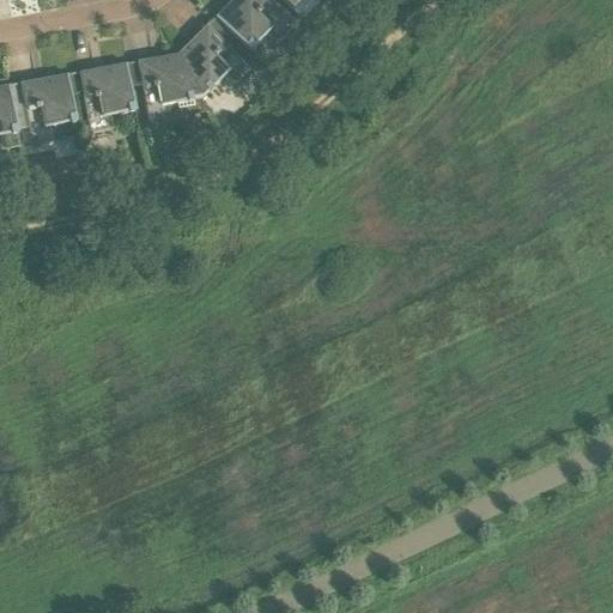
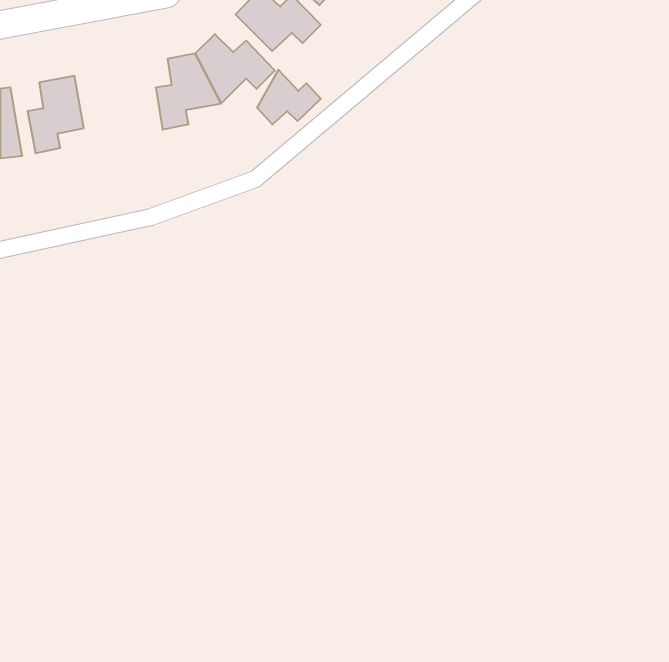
building: [84,59,135,129] -> none
building: none -> [257,70,321,125]

